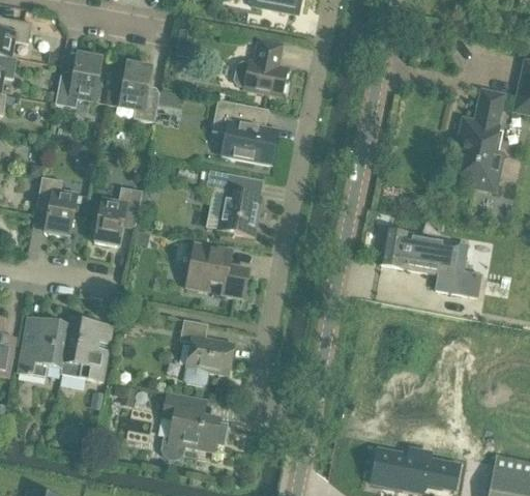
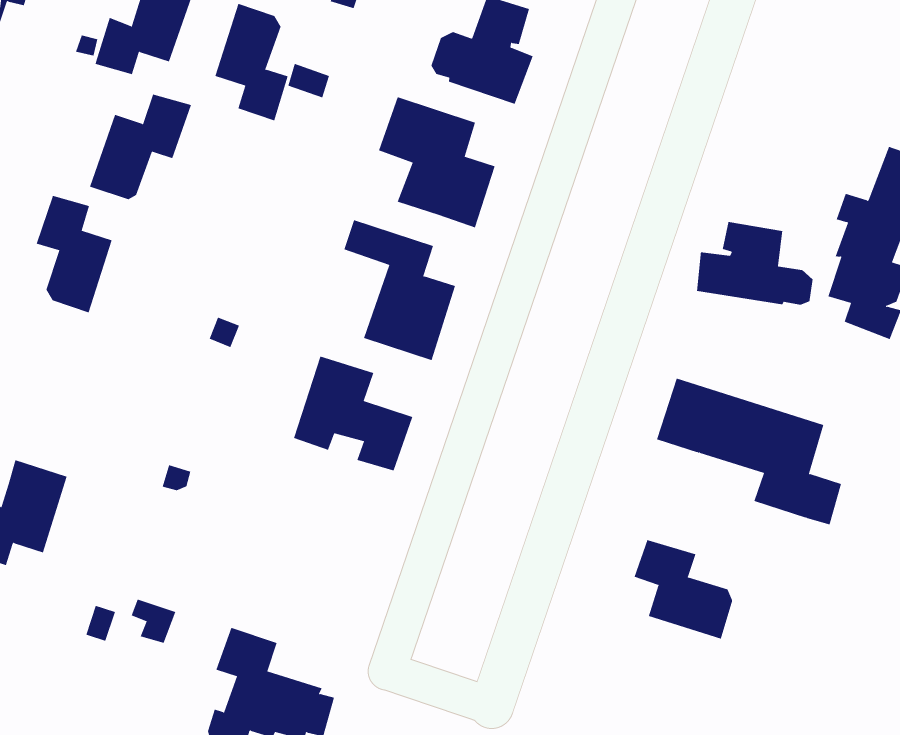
building: none -> [696,221,813,306]
building: [93,186,142,244] -> [89,94,192,200]
building: none -> [634,539,733,640]
building: [61,318,108,380] -> none
building: [179,319,234,384] -> none

